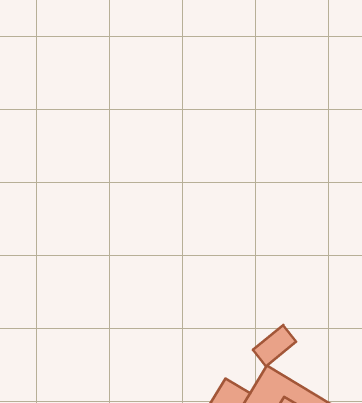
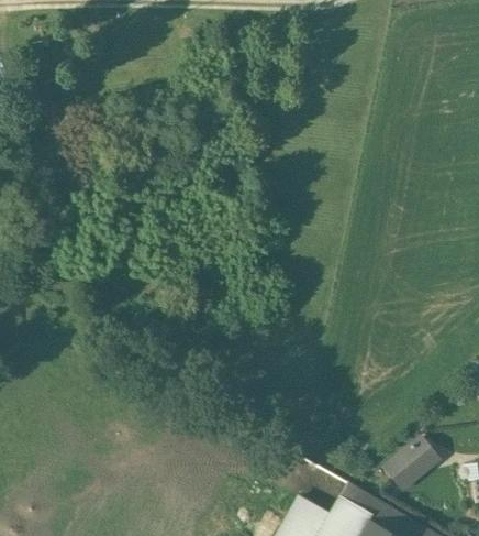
building: [253,325,296,366] -> [386,438,437,488]

